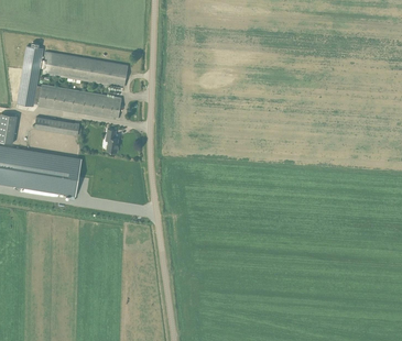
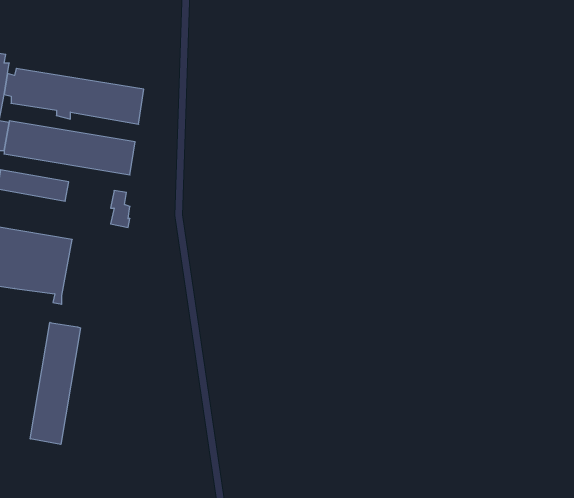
building: none -> [30,322,81,444]

